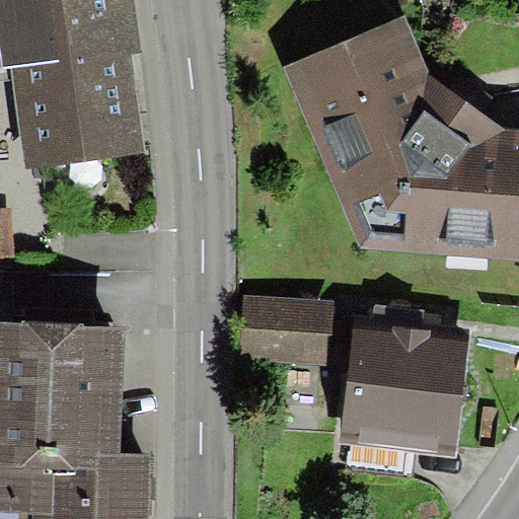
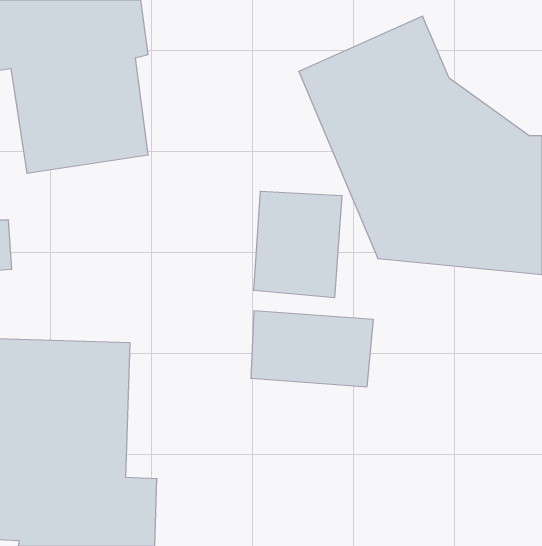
building: none -> [254,191,342,298]
building: [340,303,468,456] -> none

